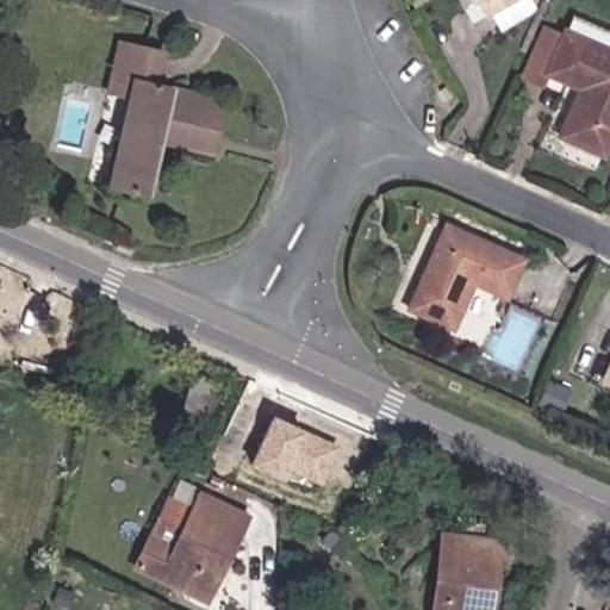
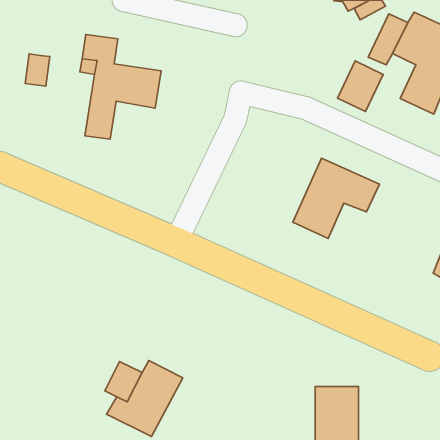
building: none -> [25,54,50,86]
building: none -> [337,61,383,112]
building: [244,415,343,486] -> none

